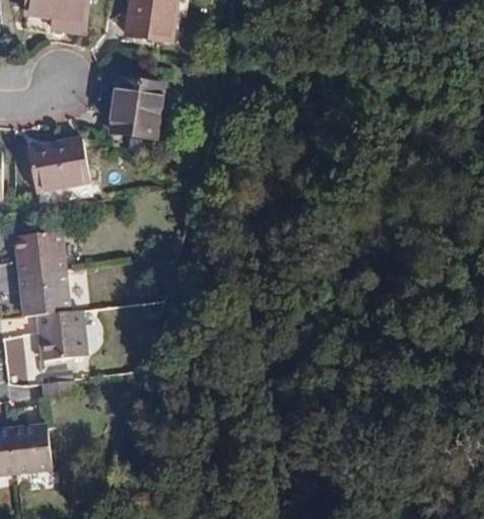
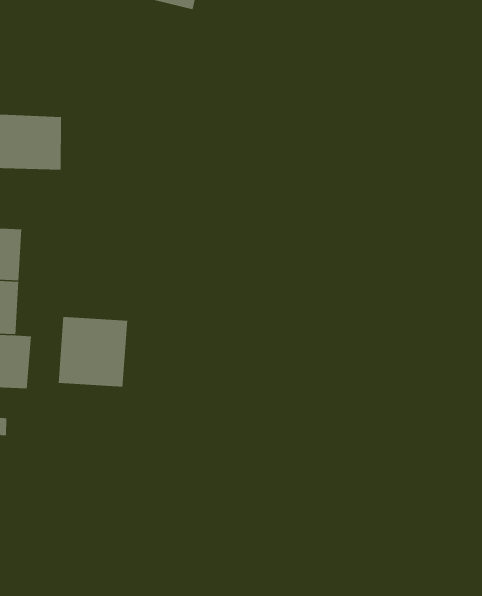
building: [110,76,162,134] -> none
building: none -> [58,316,128,388]

